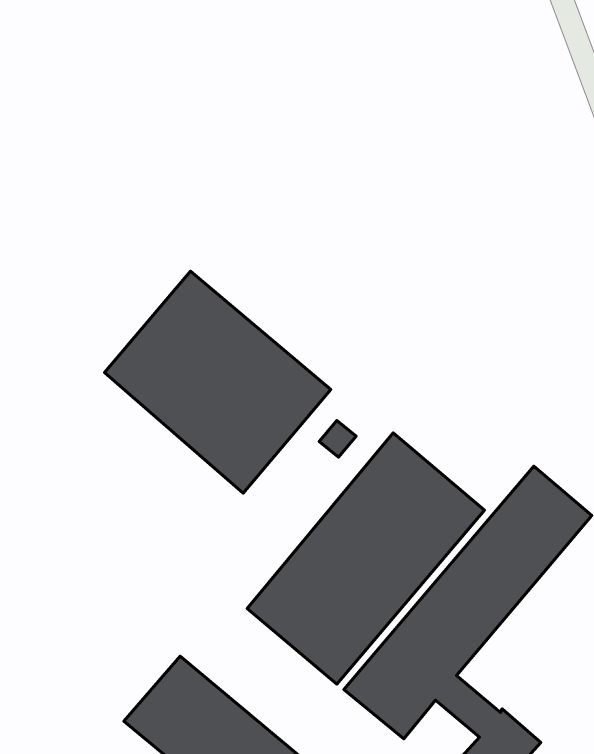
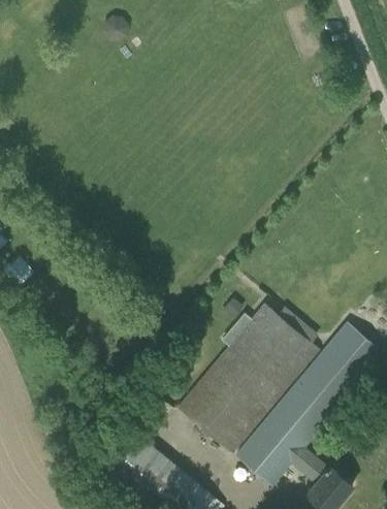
building: [105,271,331,493] -> none

